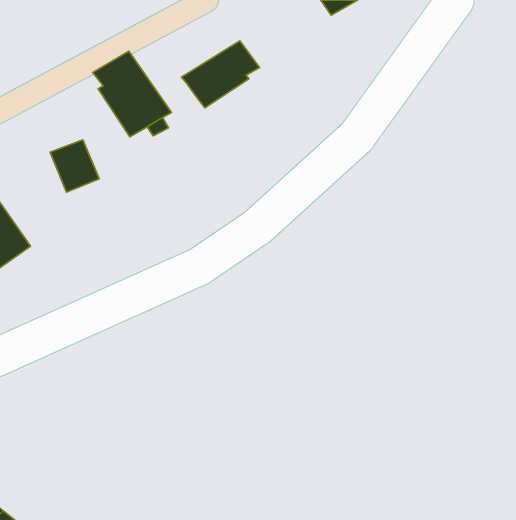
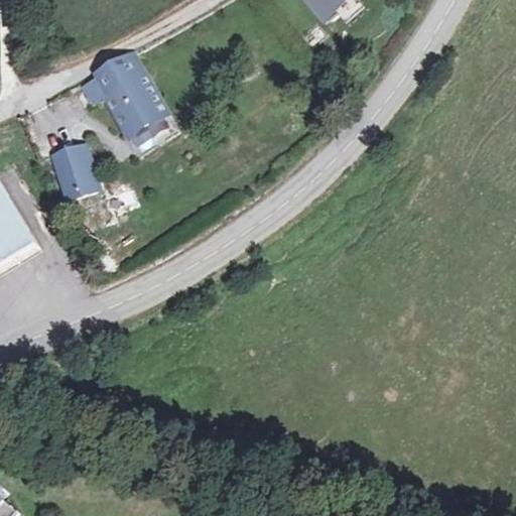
building: [182,41,259,108] -> none

